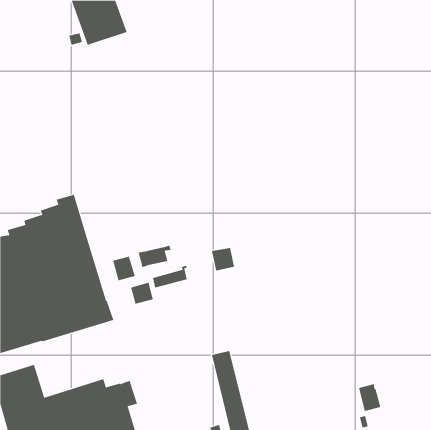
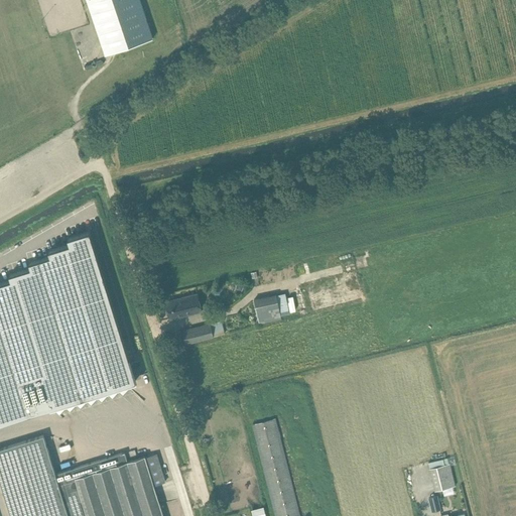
building: [113,256,135,281] -> none
building: [131,282,153,305] -> none

